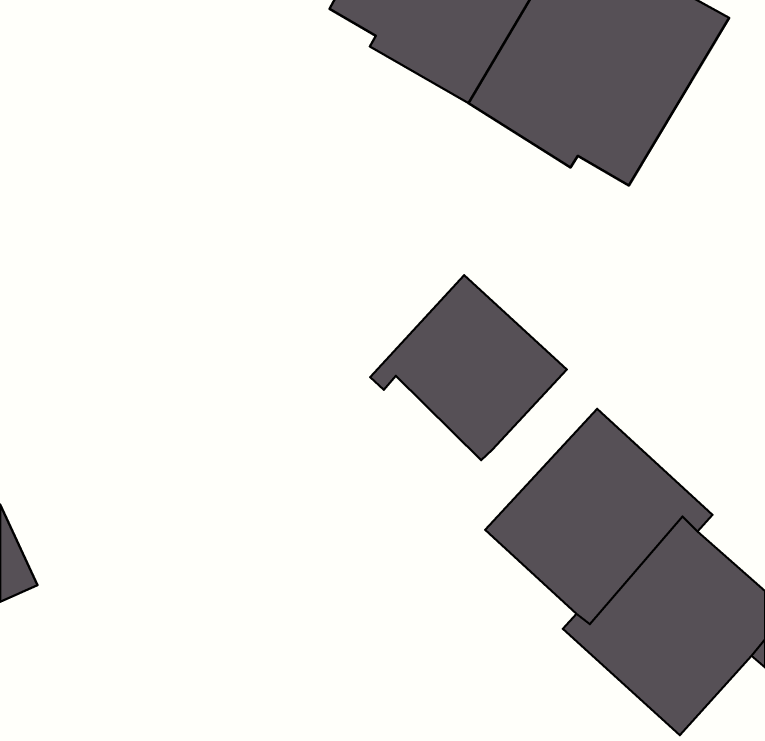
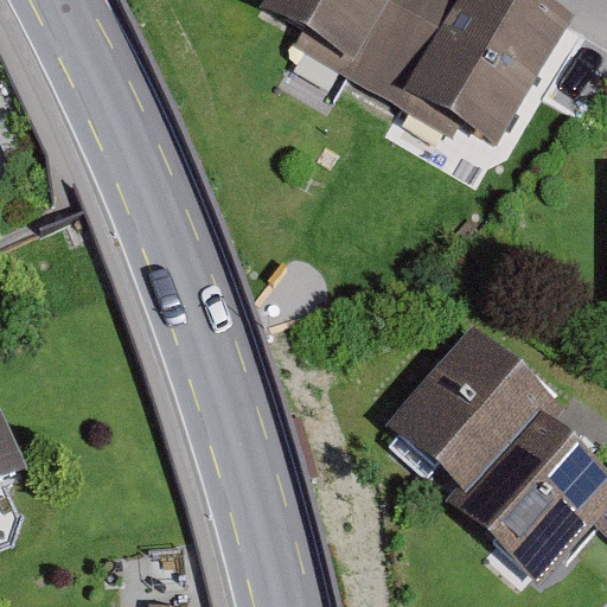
building: [370,275,567,460] -> none

